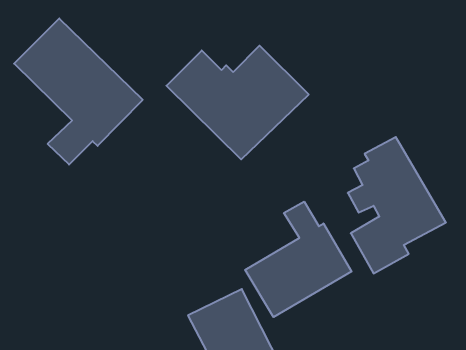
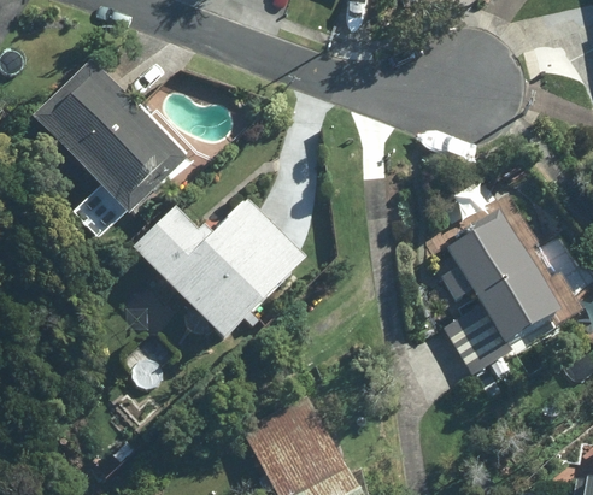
building: [166,46,309,159] -> [131,198,306,337]
building: [245,202,352,317] -> none

